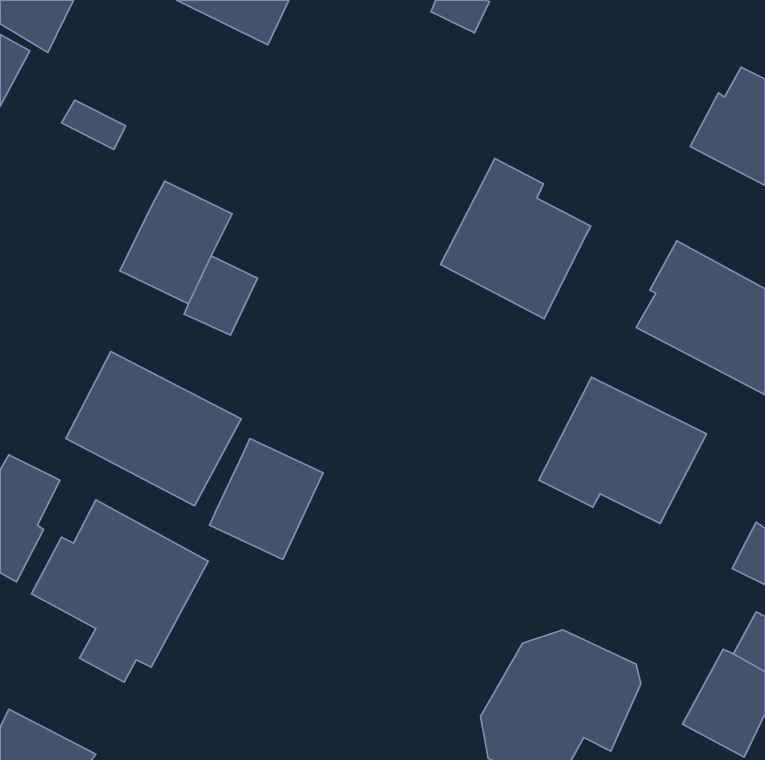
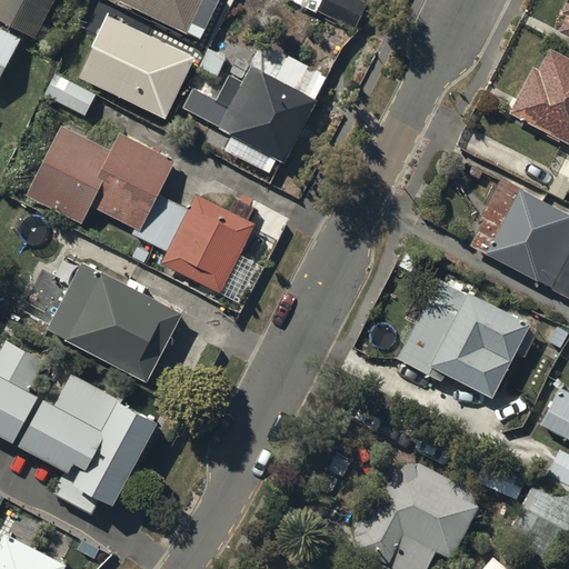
building: none -> [80,18,192,116]
building: none -> [181,47,326,167]
building: [441,159,591,319] -> none
building: none -> [30,129,113,221]
building: [209,438,323,560] -> [167,198,251,288]

